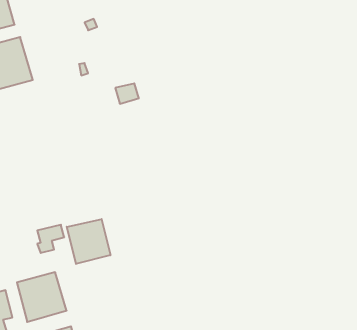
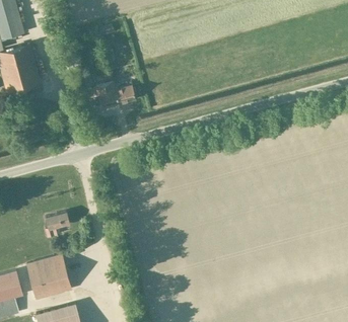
building: none -> [95,82,119,109]
building: [67,219,110,264] -> none

